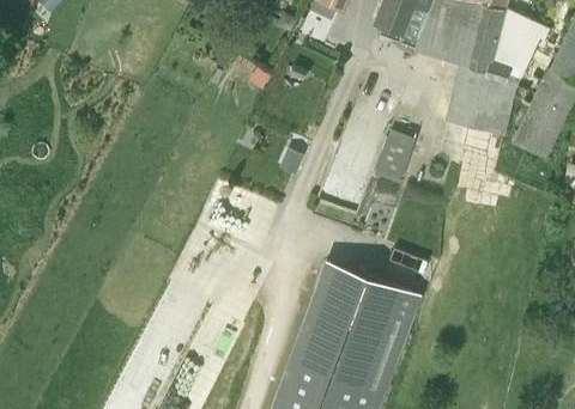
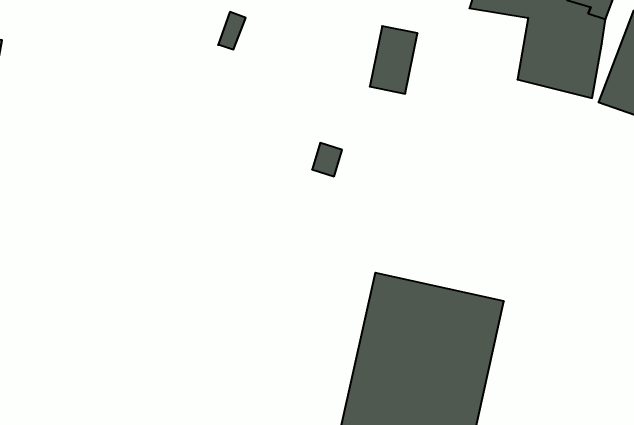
building: [377,126,419,181] -> [370,26,418,94]

